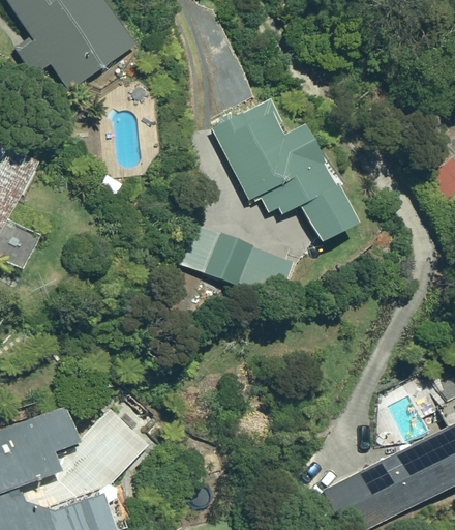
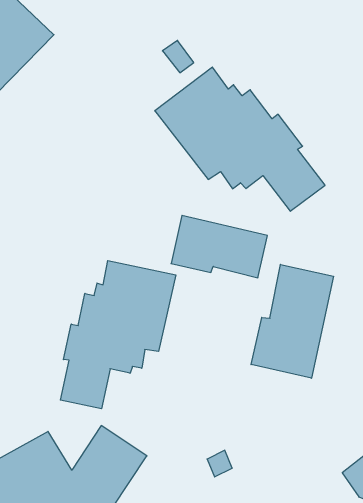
building: none -> [60,261,176,409]
building: none -> [251,264,333,378]

